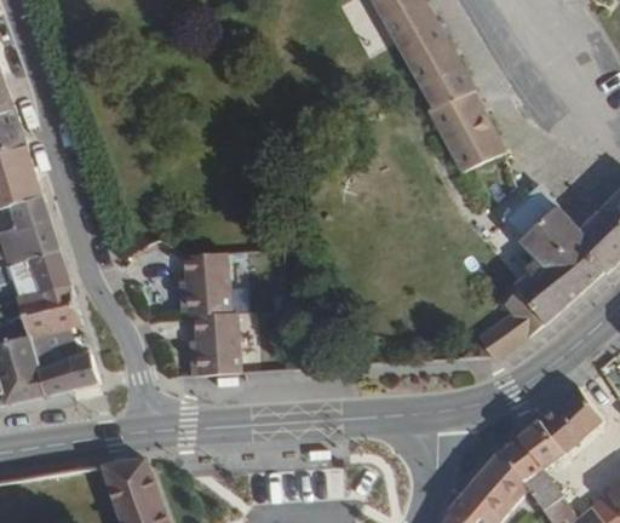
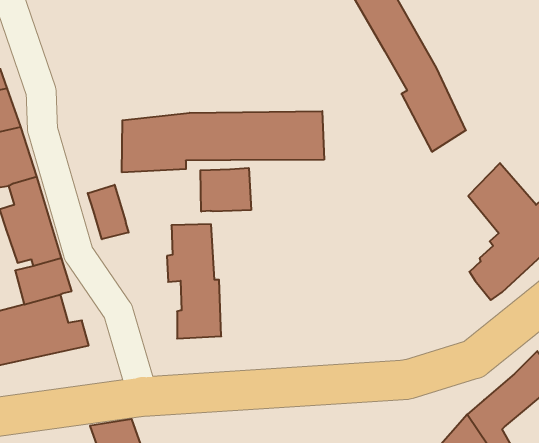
building: none -> [122,111,324,172]
building: none -> [200,168,251,212]
building: none -> [88,185,129,239]
building: [476,311,528,355] -> none

